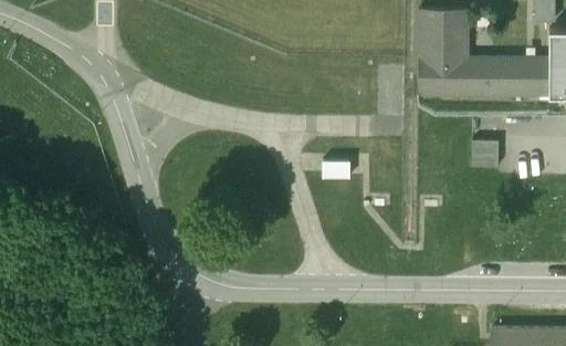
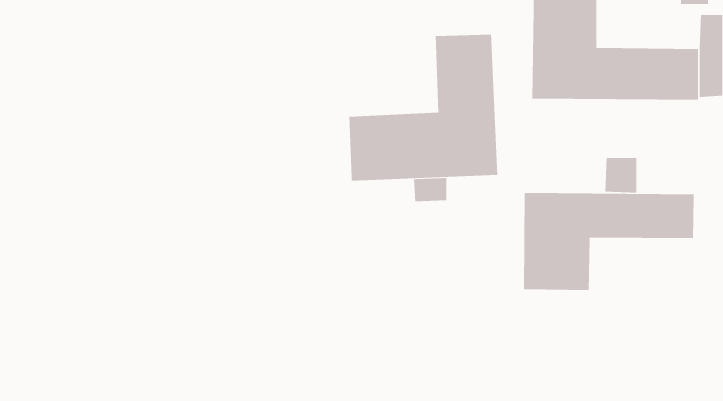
building: none -> [349,34,498,181]
building: none -> [524,192,694,291]

